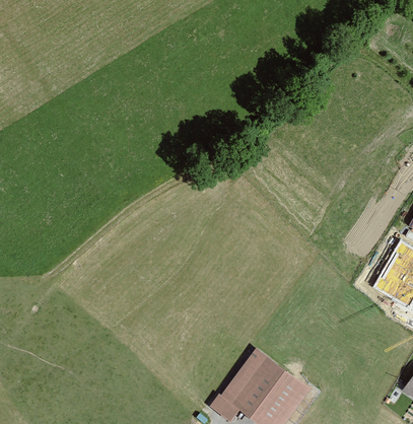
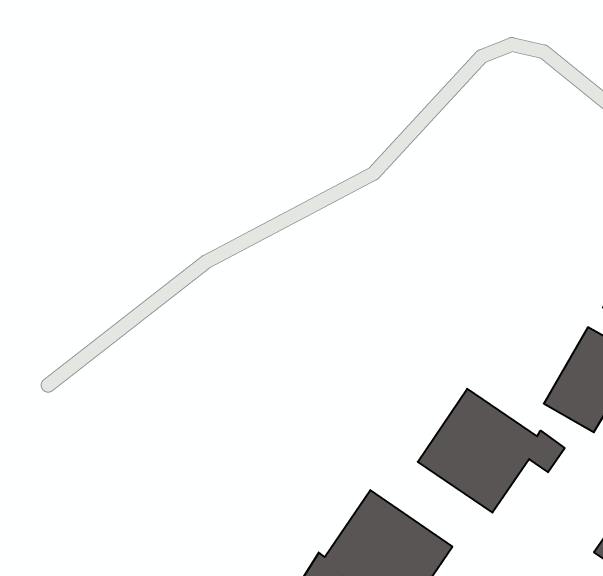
building: none -> [418,389,565,513]

